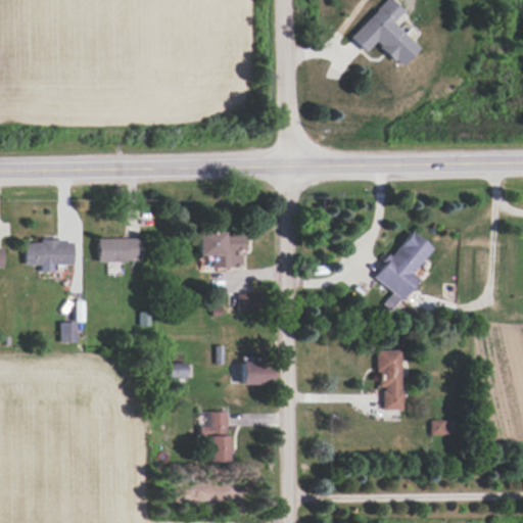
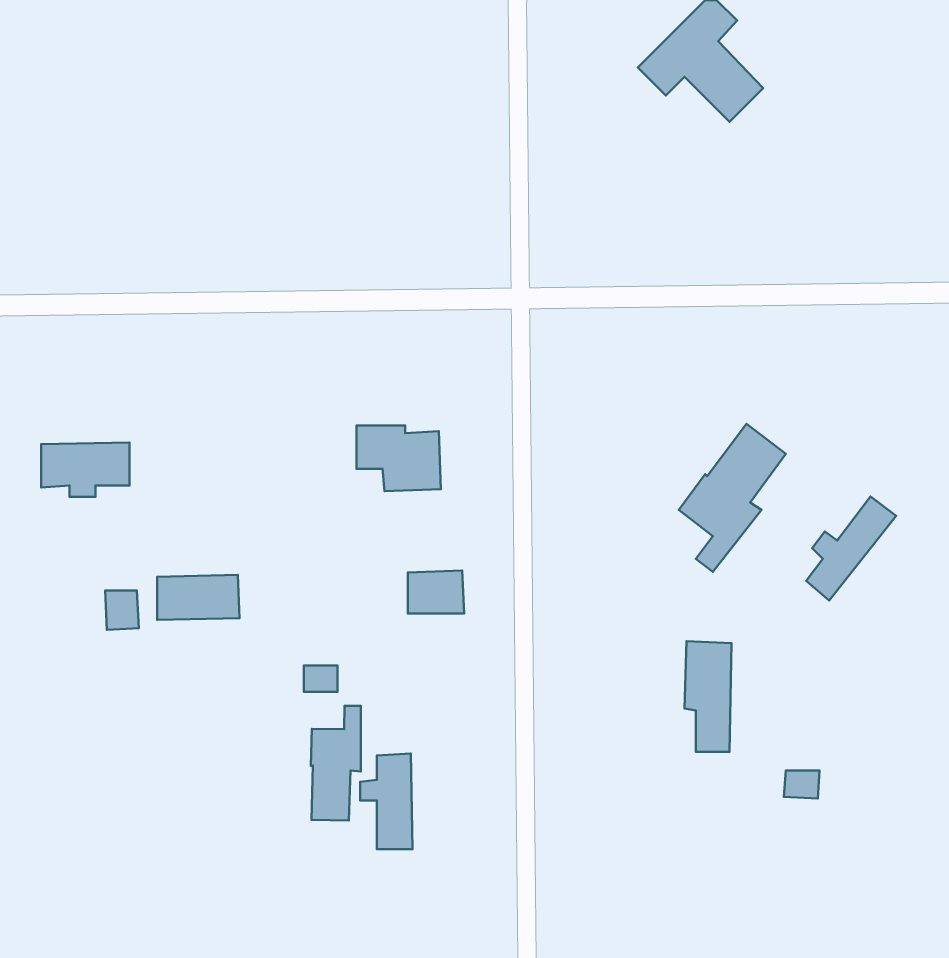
building: [100,238,145,263] -> [157,575,240,620]
building: none -> [806,497,896,601]
building: [243,361,274,384] -> [408,570,464,614]
building: none -> [311,706,361,821]

